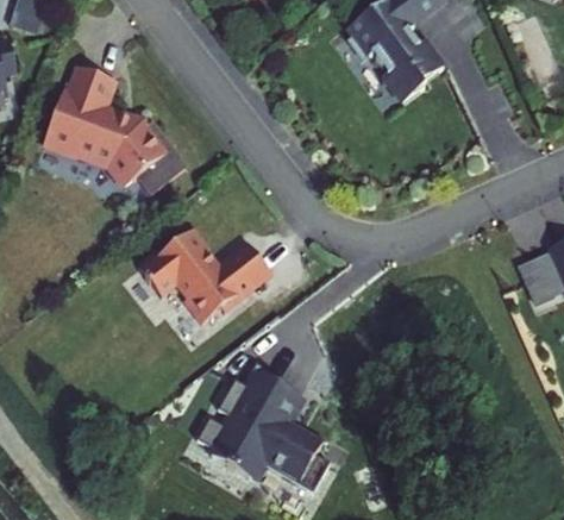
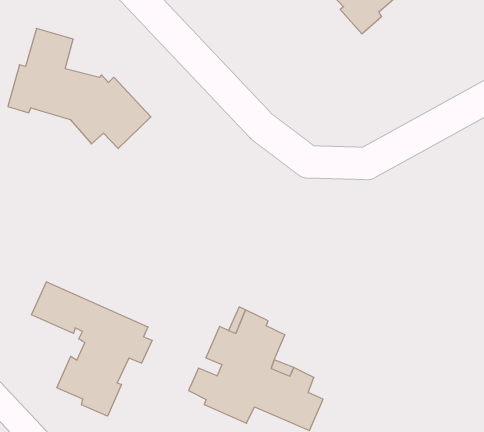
building: [139,228,271,322] -> none
building: none -> [32,282,152,416]

